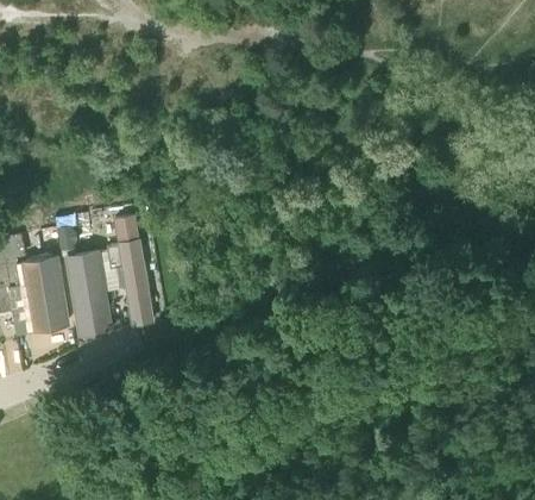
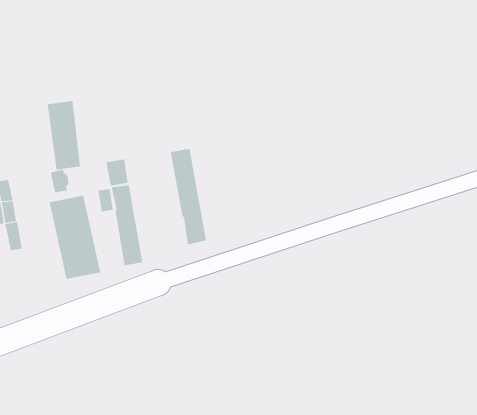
building: none -> [170,148,206,245]
building: [26,257,62,330] -> [47,101,81,170]

